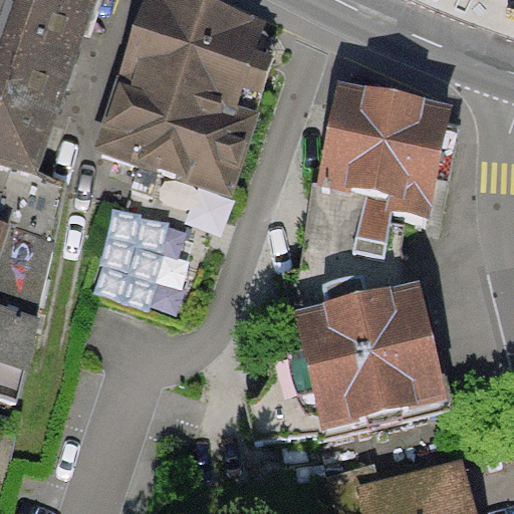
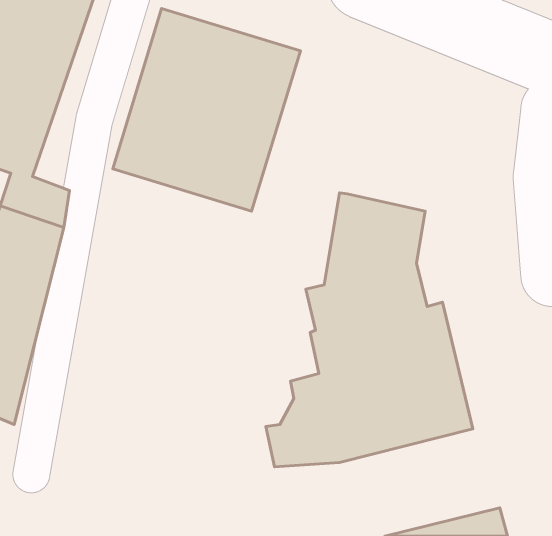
building: [321,89,447,216] -> none
building: [100,198,216,303] -> none

